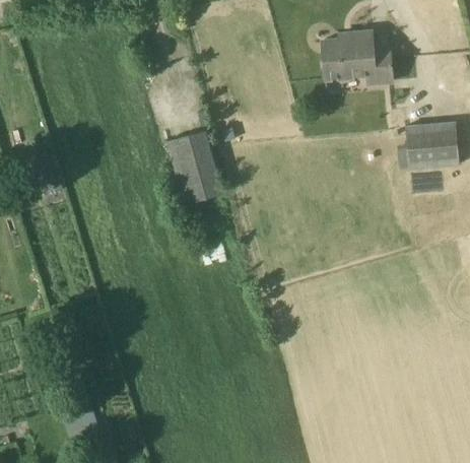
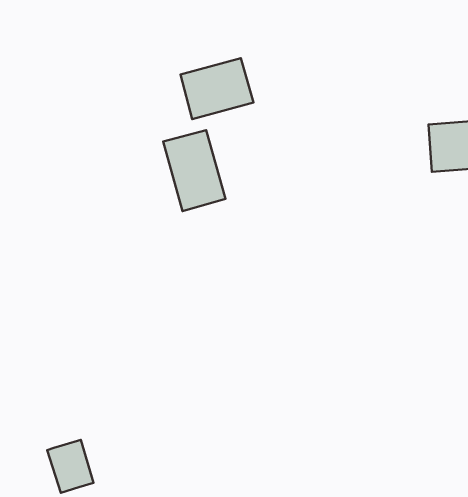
building: [322,31,392,84] -> none
building: none -> [180,58,253,119]

